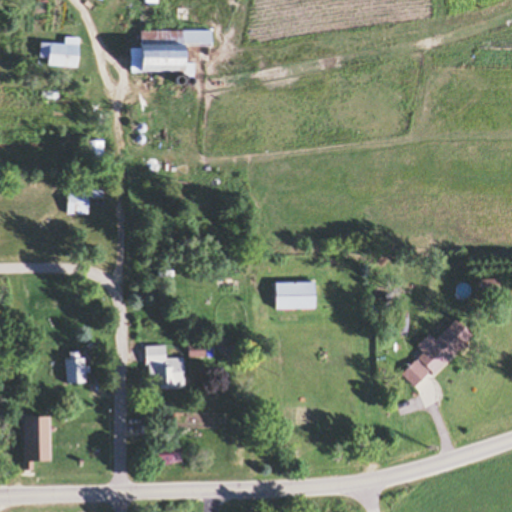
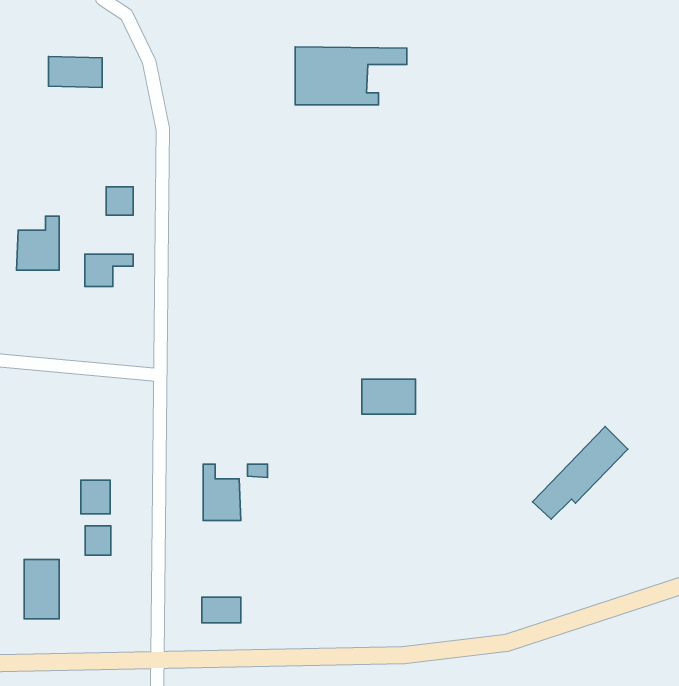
building: [132,29,215,72] -> [295,47,407,105]
building: none -> [17,216,59,270]
building: none -> [85,526,111,555]

